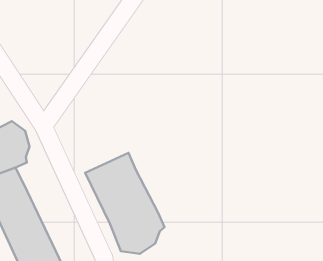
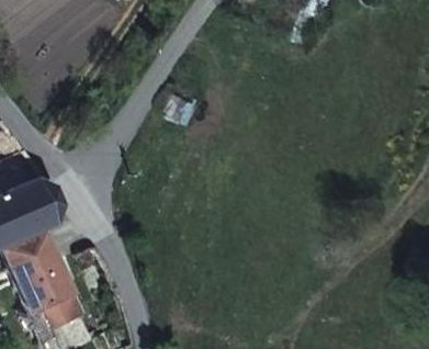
building: [85,153,165,254] -> none

